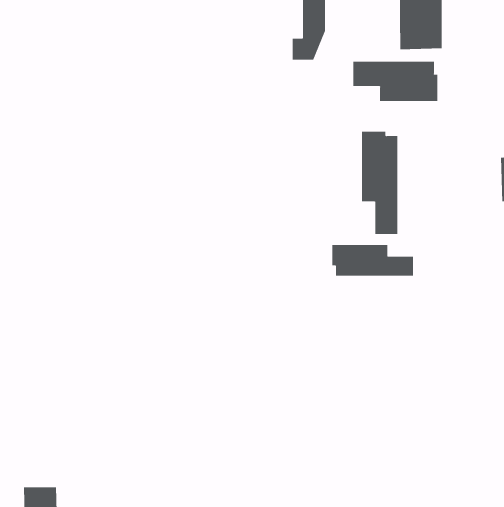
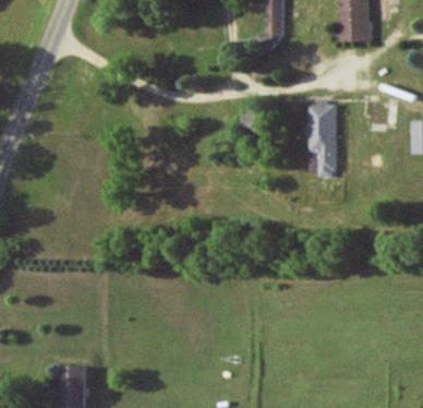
building: [353,61,438,102] -> none
building: [332,244,414,277] -> none

